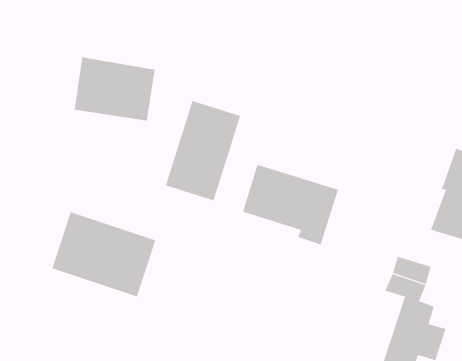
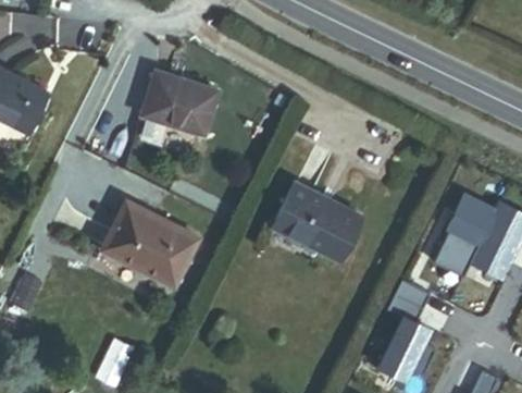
building: [165,100,241,201] -> none

